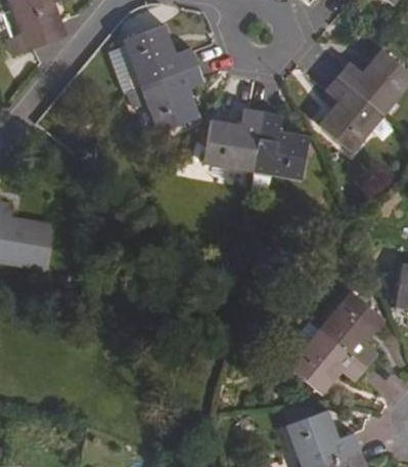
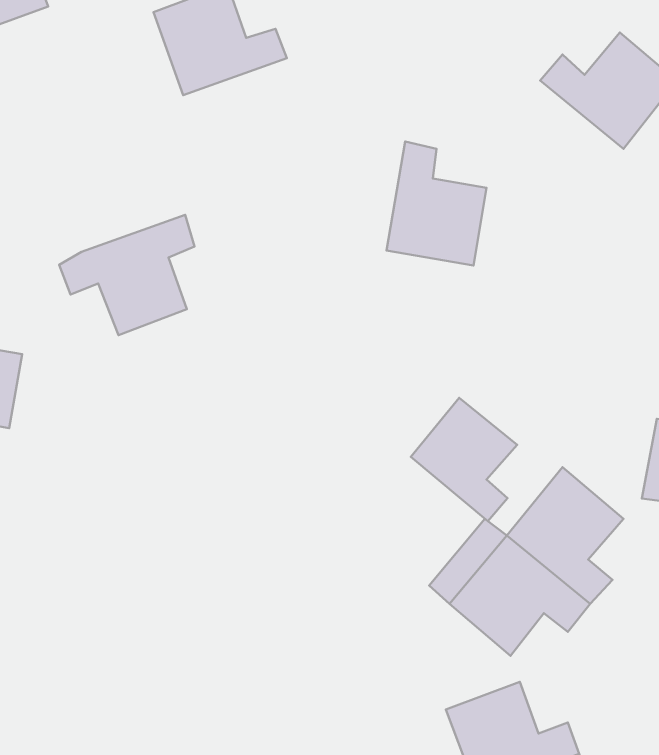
building: [128,63,202,130] -> [59,215,194,335]
building: [319,76,383,152] -> none
building: [203,108,263,170] -> none
building: none -> [411,398,517,521]

